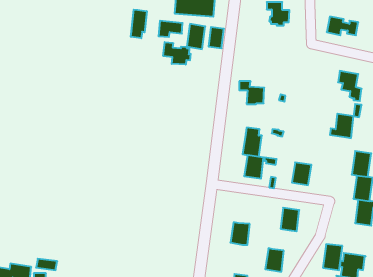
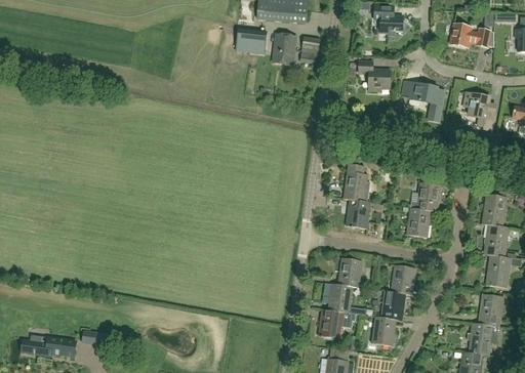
building: [131,10,147,38] -> none
building: [163,42,191,65] -> none
building: none -> [409,82,445,122]
building: [239,81,264,104] -> [359,61,391,90]
building: [330,114,353,138] -> [410,181,440,212]
building: none -> [338,258,363,287]
building: none -> [381,291,405,320]
building: none -> [319,309,356,338]
building: [323,244,342,270] -> [479,294,503,327]

